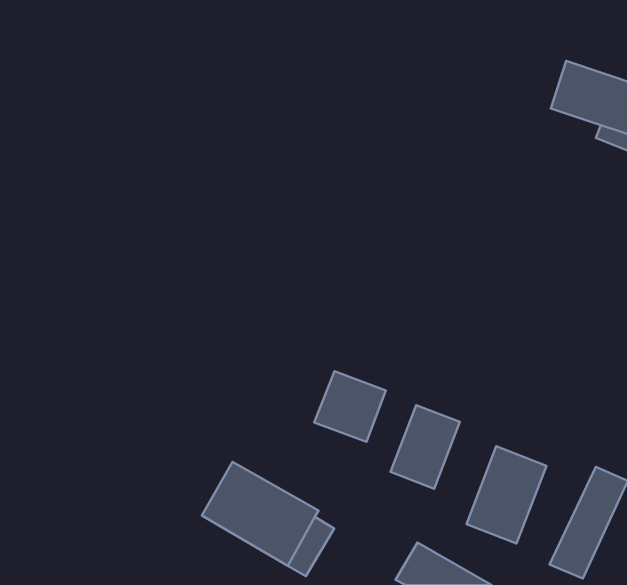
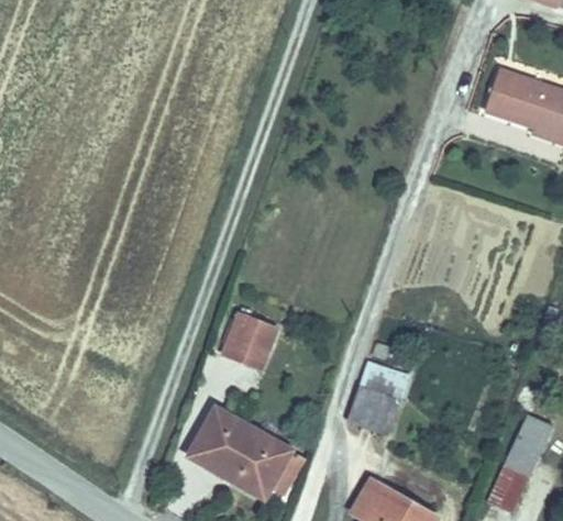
building: [314,371,386,442] -> [217,309,278,369]
building: [466,446,546,544] -> none

